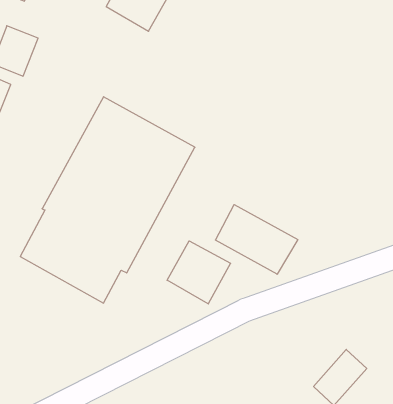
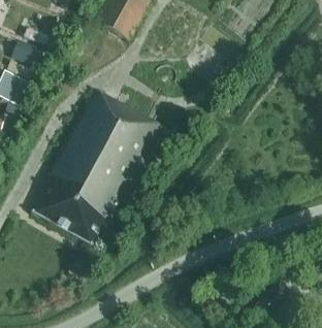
building: [215,205,298,274] -> none
building: [167,241,231,304] -> none

